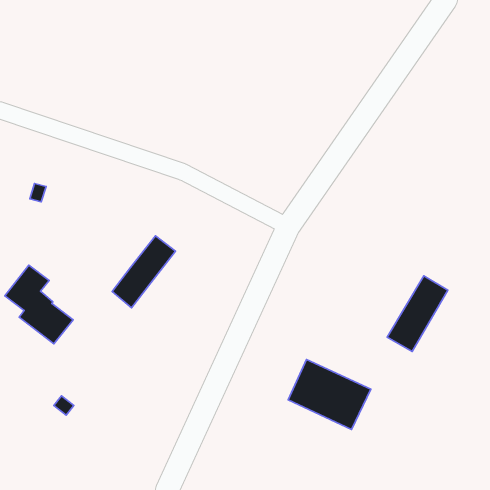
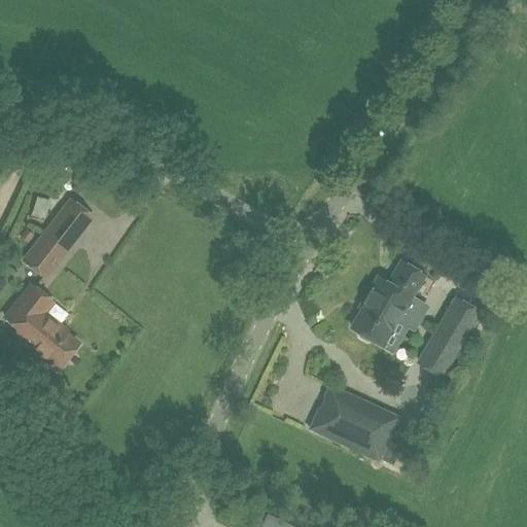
building: [112,236,176,308] -> [25,200,93,277]
building: none -> [353,261,430,345]

